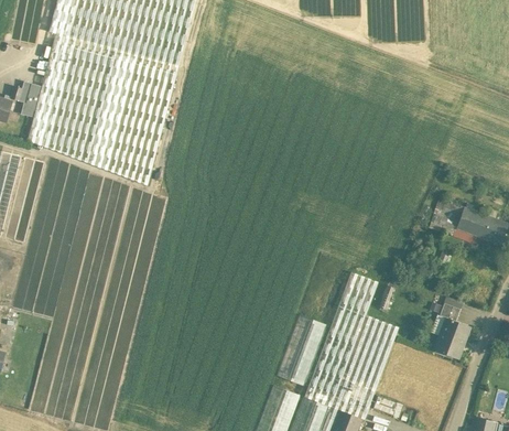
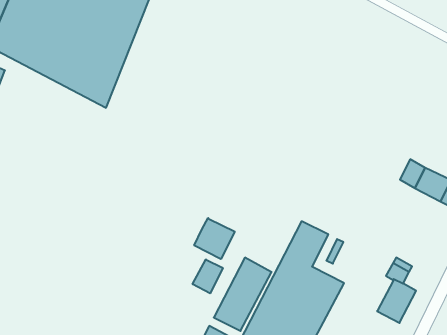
building: none -> [194,218,235,259]
building: none -> [193,259,223,293]

